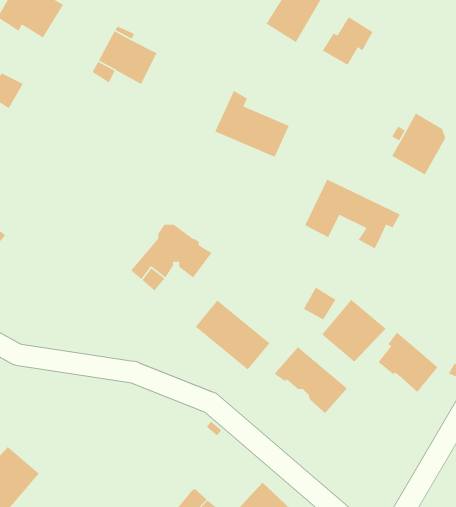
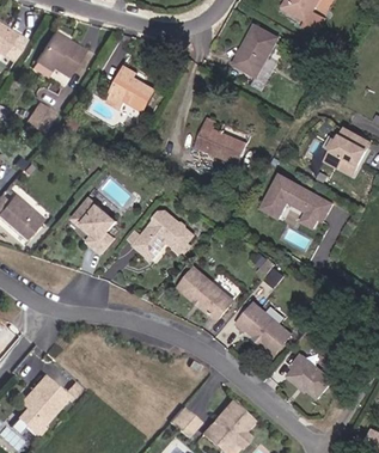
building: [322,16,373,66] -> none
building: none -> [73,201,117,256]
building: [321,299,386,362] -> none
building: [377,332,439,393] -> [292,351,337,397]

